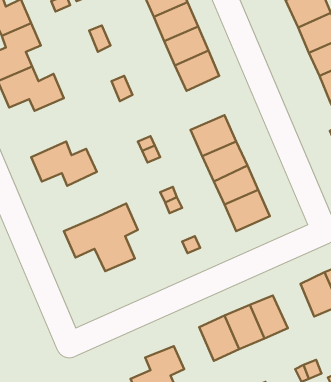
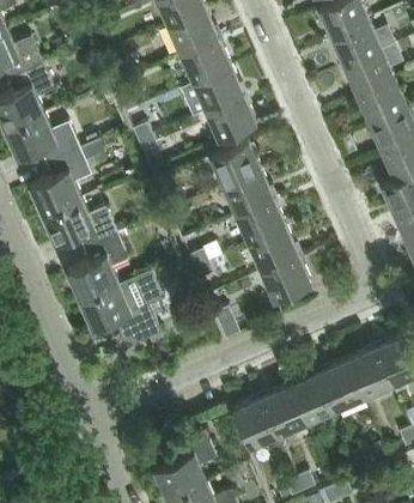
building: none -> [211,141,262,187]
building: none -> [29,151,91,218]
building: none -> [67,235,129,302]
building: none -> [317,362,364,412]

